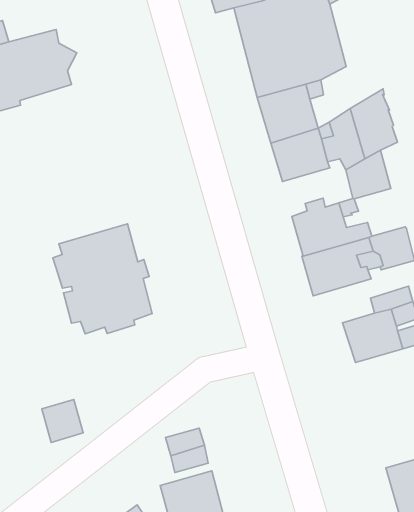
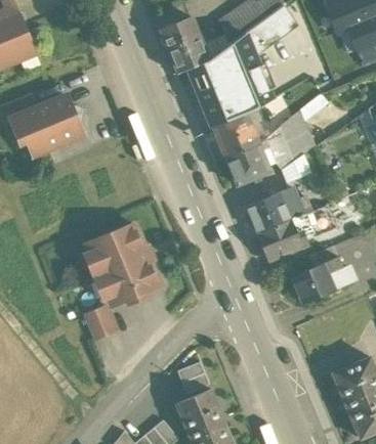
building: [42,399,83,442] -> [83,307,114,339]

